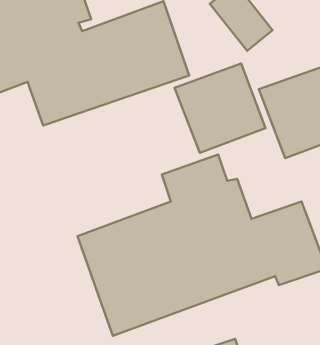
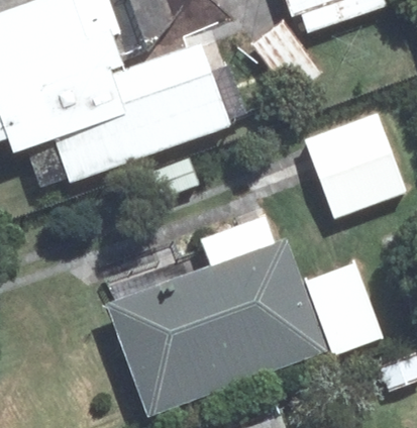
building: [174,64,266,153] -> none

